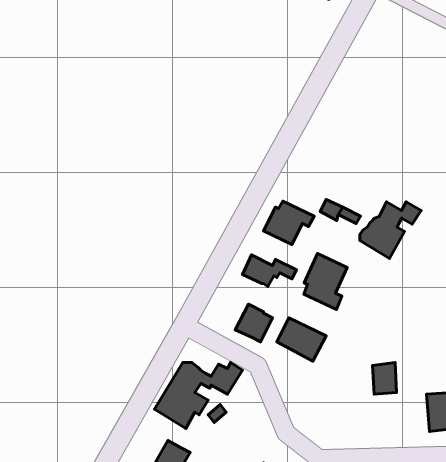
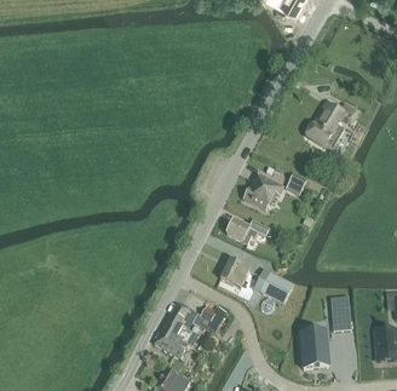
building: [360,202,421,259] -> [307,104,357,150]
building: [304,253,347,310] -> none
building: none -> [300,332,329,369]

